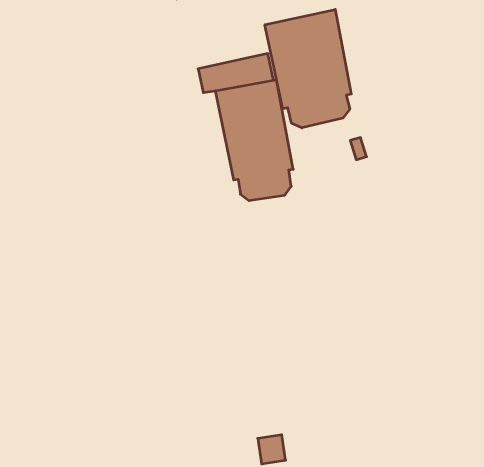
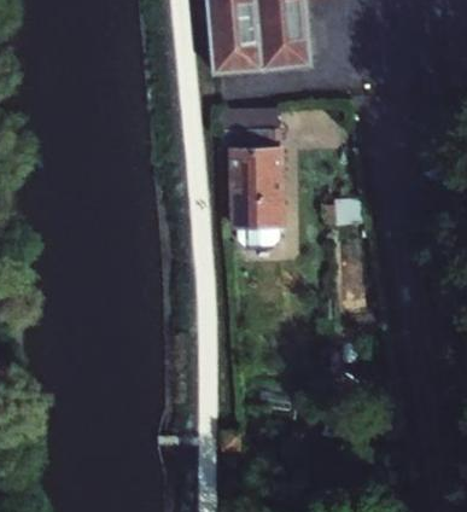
building: [265,9,351,128] -> none

